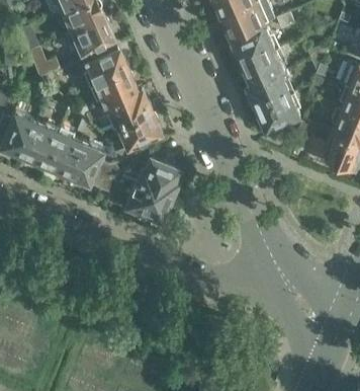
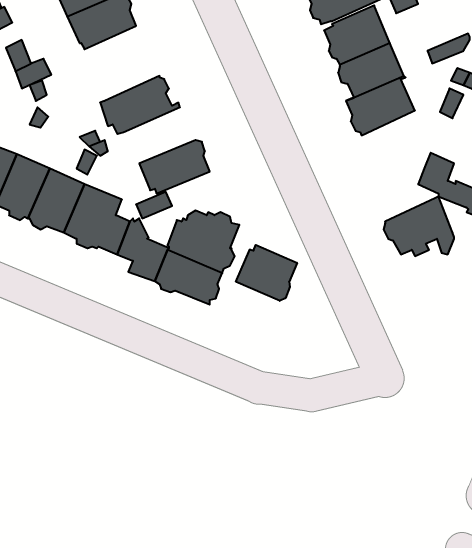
building: [83,48,128,88] -> none
building: [105,91,152,128] -> none
building: [258,93,303,132] -> [384,197,454,256]
building: none -> [236,245,297,301]

